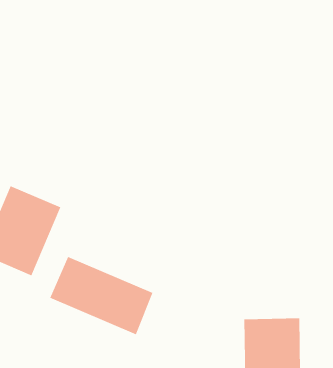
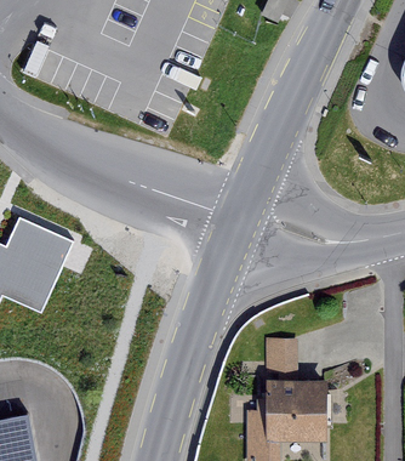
building: [50,256,153,335] -> none

